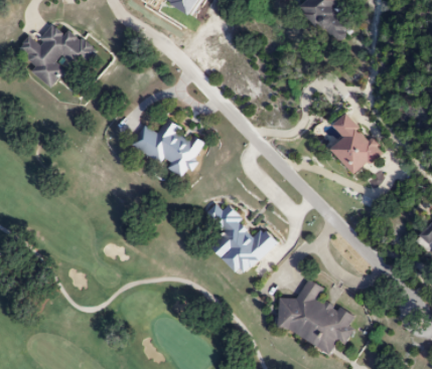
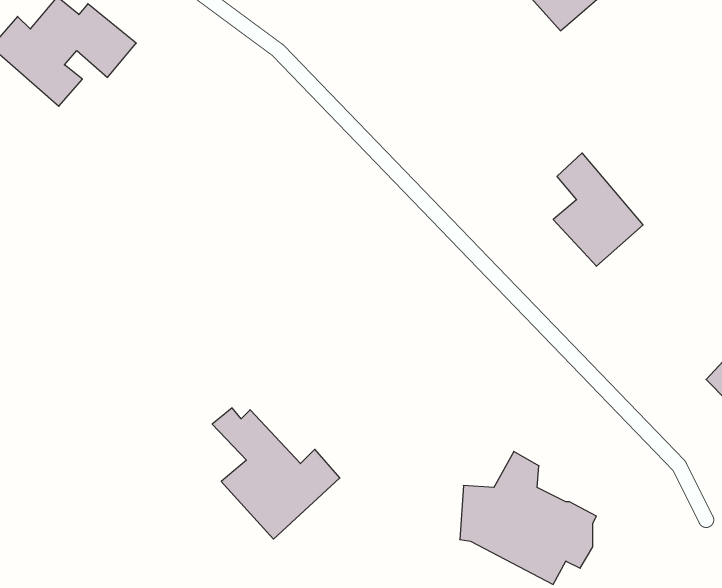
building: [129,119,204,177] -> none
building: [204,203,276,276] -> [212,408,340,539]

